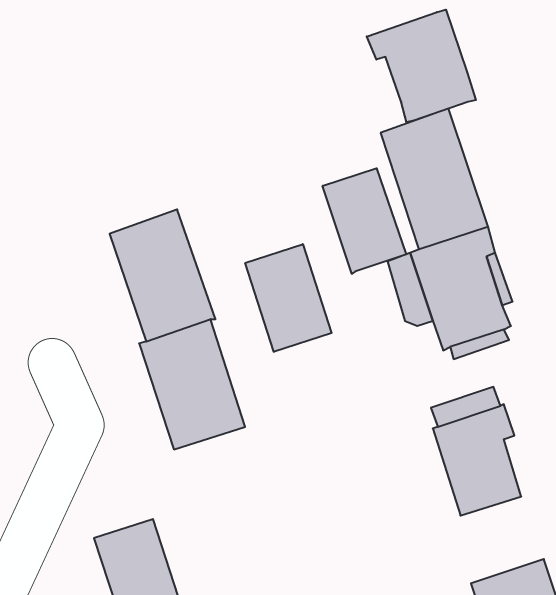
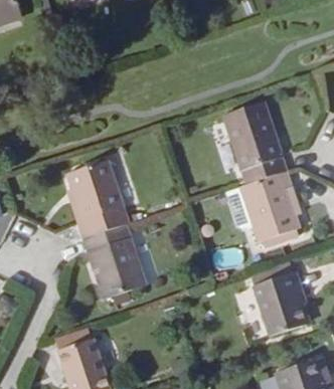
building: [367,10,476,122] -> none
building: [323,168,406,274] -> none
building: [245,244,332,352] -> none

